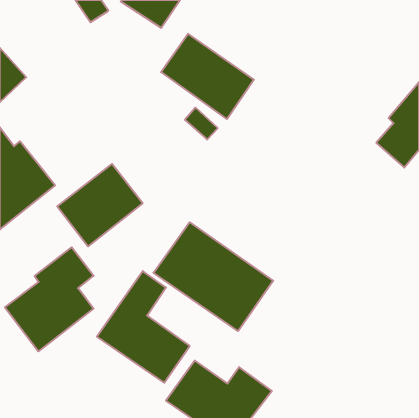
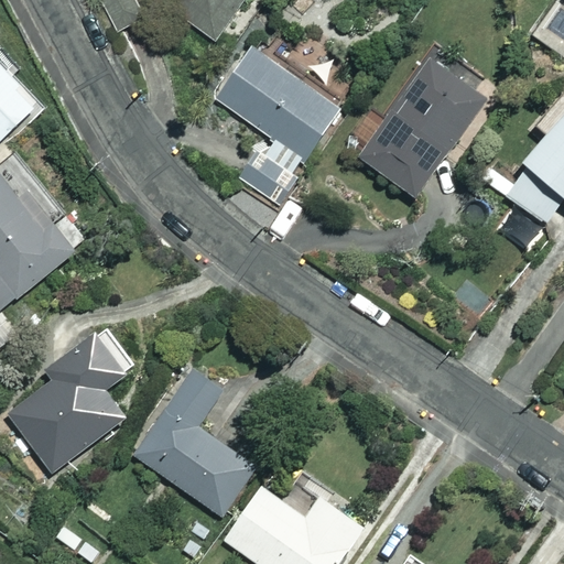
building: none -> [359,57,487,197]
building: [57,164,143,246] -> none
building: [153,222,273,331] -> none

